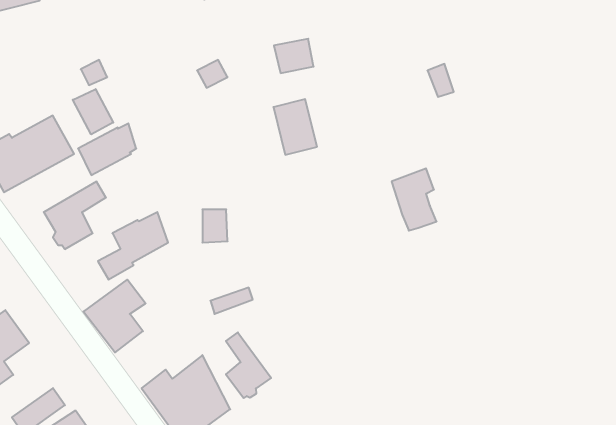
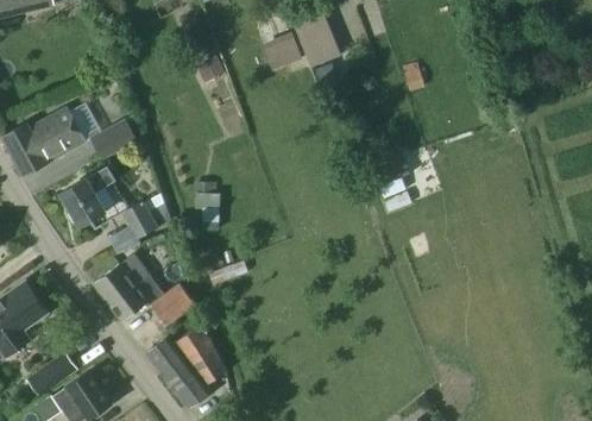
building: [73,89,113,134] -> none
building: [273,99,317,155] -> [301,14,340,64]
building: none -> [151,281,196,325]
building: [226,332,271,398] -> none

